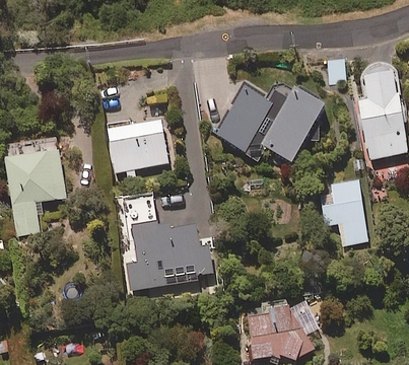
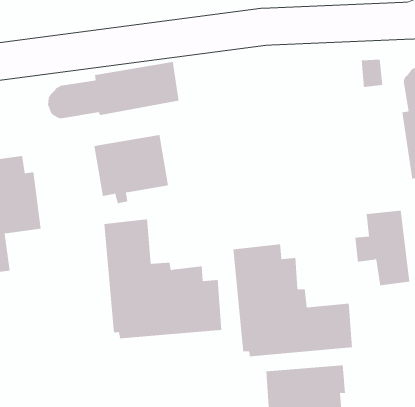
building: none -> [48,61,179,119]
building: [217,82,325,163] -> none
building: none -> [233,244,352,357]

